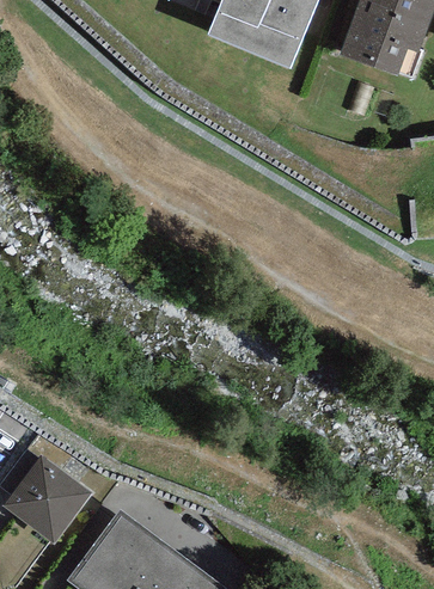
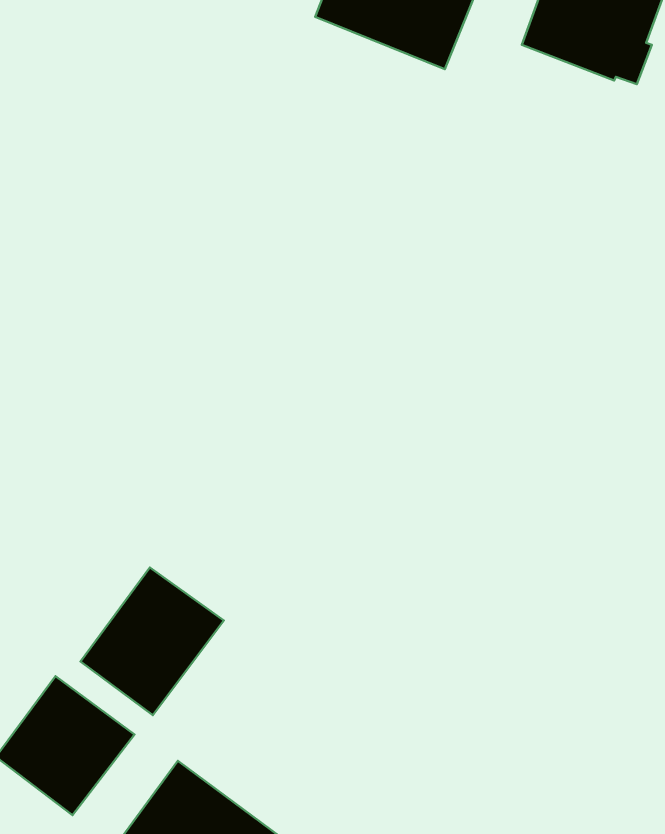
building: none -> [80,567,224,715]

